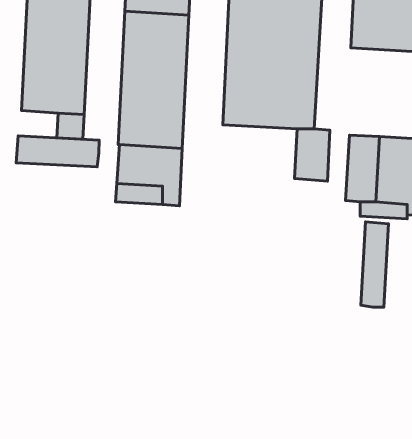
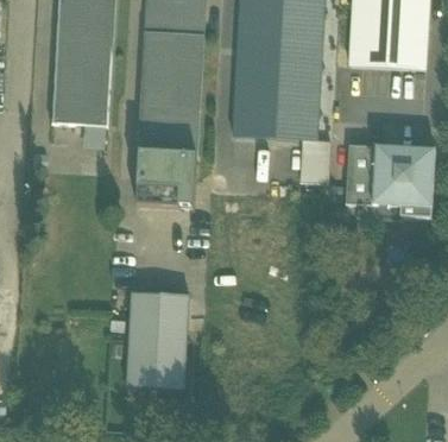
building: [16,136,99,167] -> none
building: [361,222,388,307] -> none
building: none -> [126,291,188,389]

